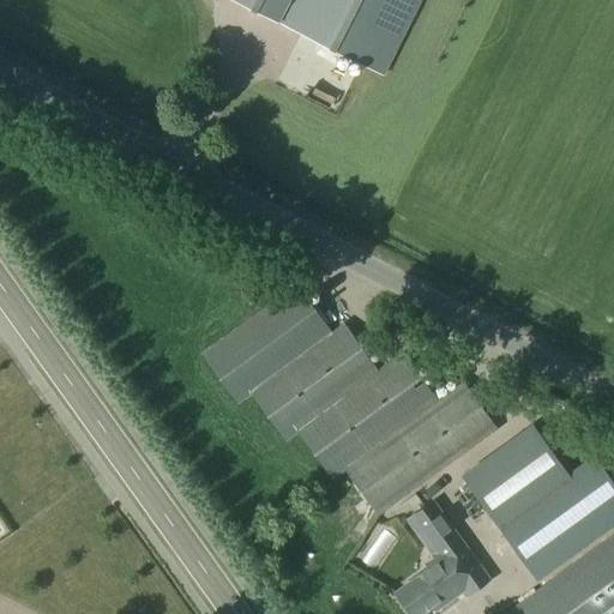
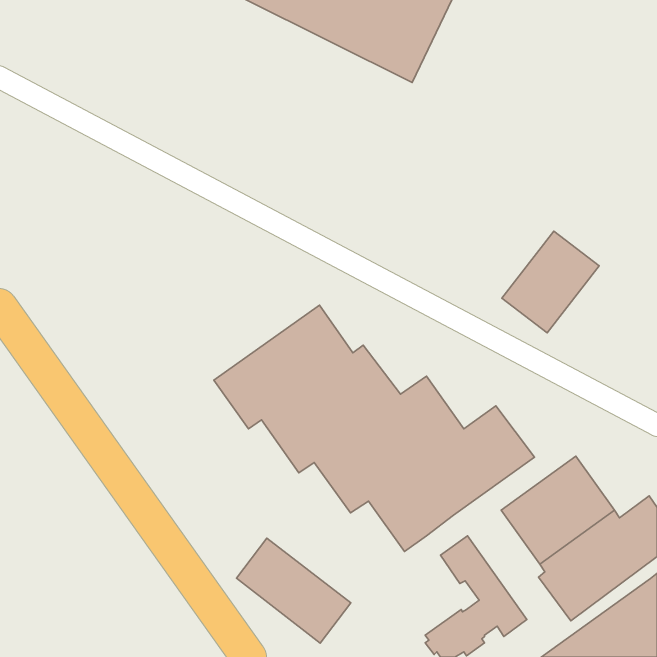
building: none -> [502,231,599,333]
building: none -> [236,538,351,643]

